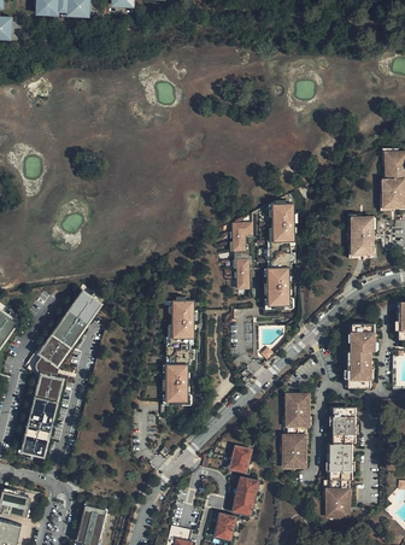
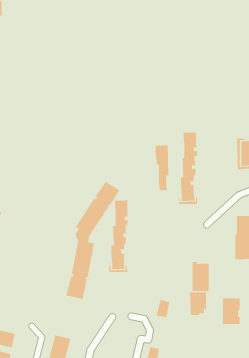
building: [22,287,100,457] -> [66,181,120,300]
building: [329,408,354,443] -> none
building: [236,476,260,514] -> none
building: [325,481,351,517] -> none

